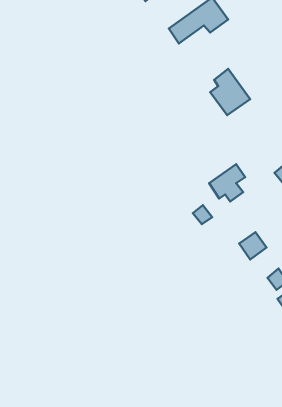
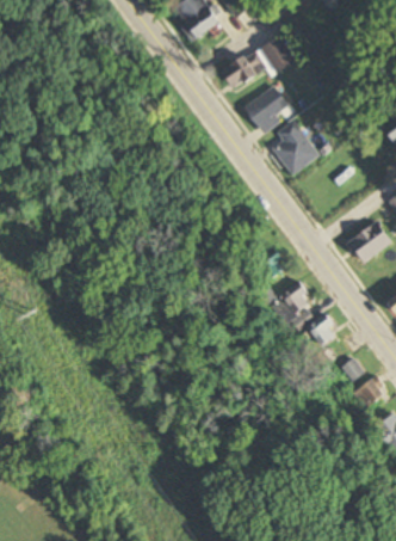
building: none -> [243,85,292,133]
building: [209,164,245,201] -> [271,284,314,328]

